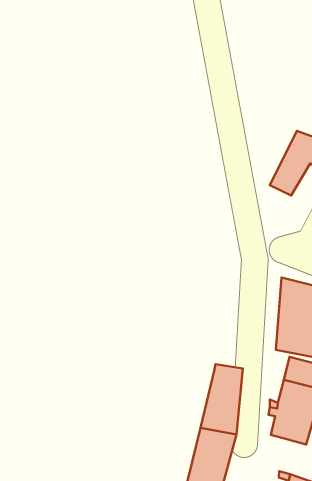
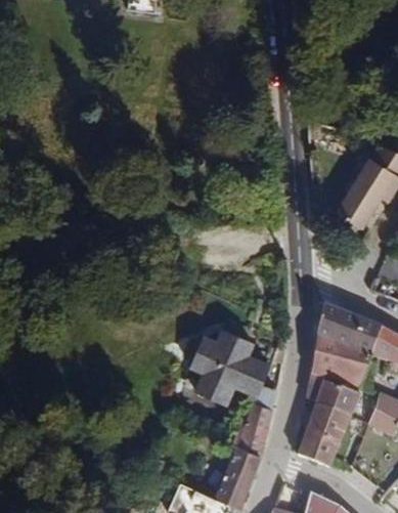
building: none -> [183,324,261,395]

